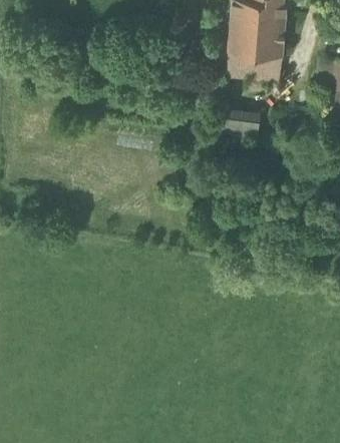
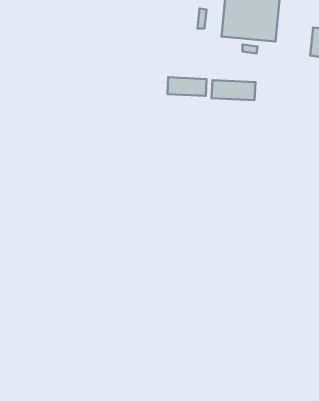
building: none -> [167,77,207,96]

